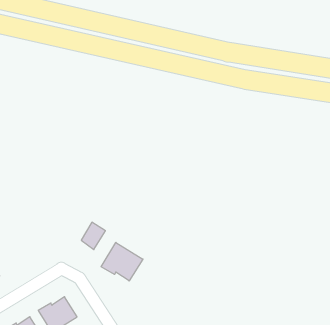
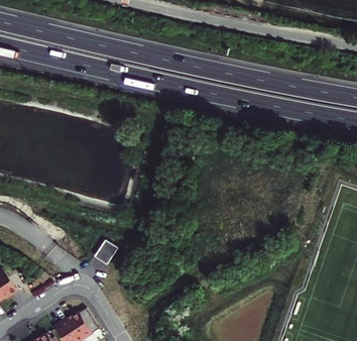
building: [101,242,143,281] -> none

